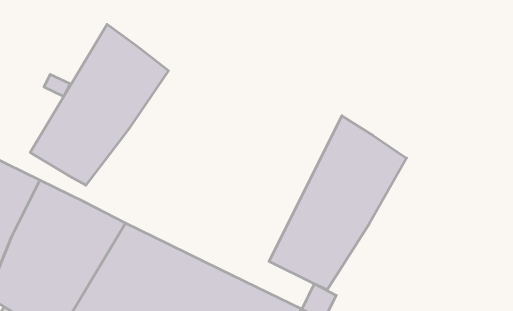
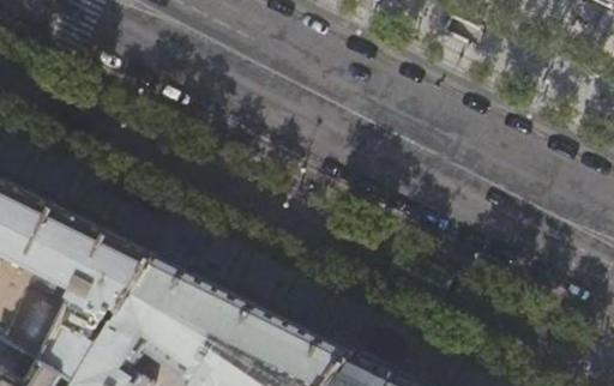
building: [30,24,168,185] -> none
building: [269,116,407,290] -> none

